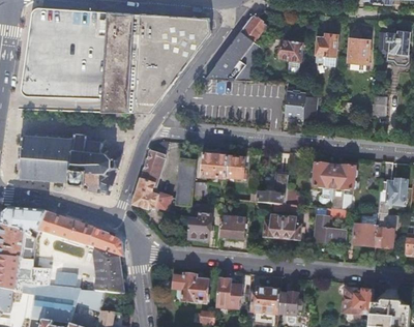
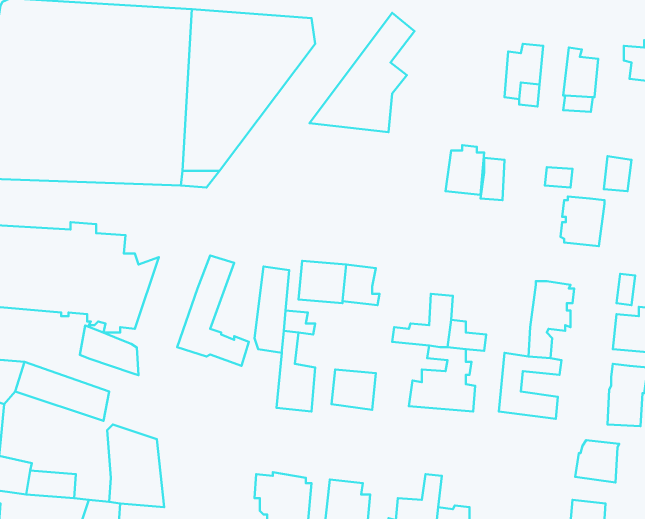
building: [280,38,302,60] -> none
building: [308,164,333,191] -> [560,197,604,246]
building: [351,222,376,246] -> [575,440,619,483]
building: [90,228,123,256] -> [80,326,139,375]

